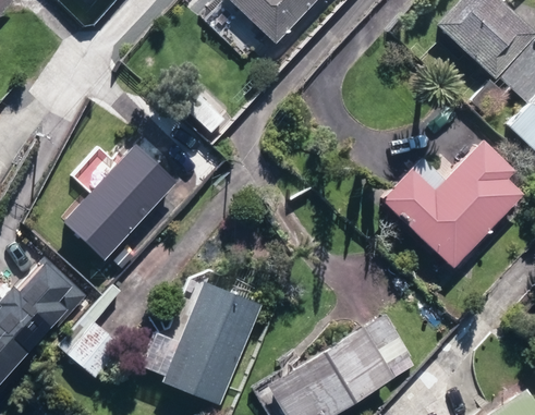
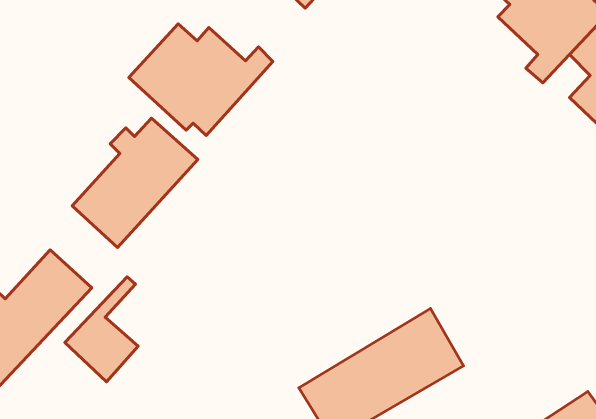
building: none -> [129,24,273,135]
building: [381,141,523,268] -> none
building: [144,282,262,404] -> none

